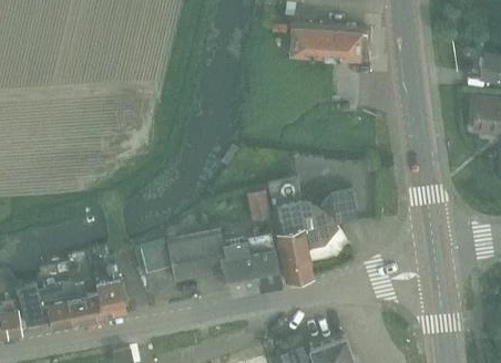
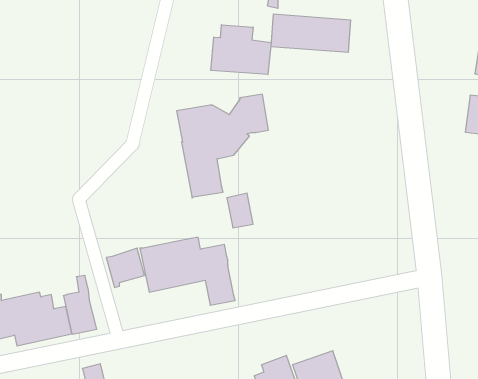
building: none -> [211,25,271,75]
building: [273,188,358,284] -> [177,94,268,198]
building: [246,231,282,289] -> none

